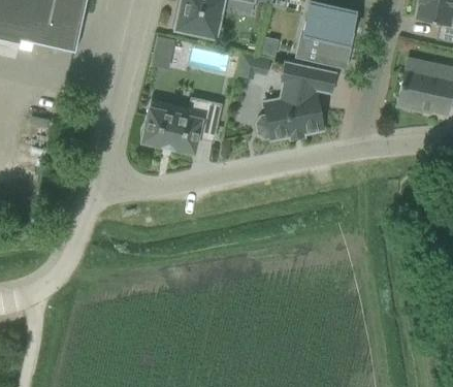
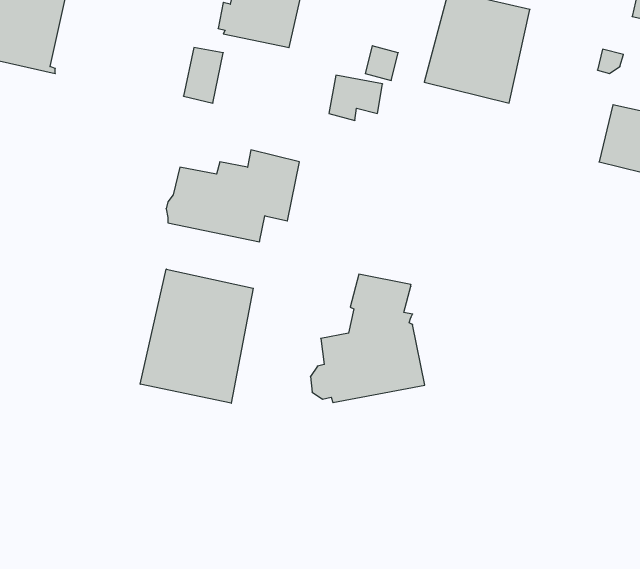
building: [258,63,326,139] -> [310,274,425,403]
building: none -> [140,269,253,403]

